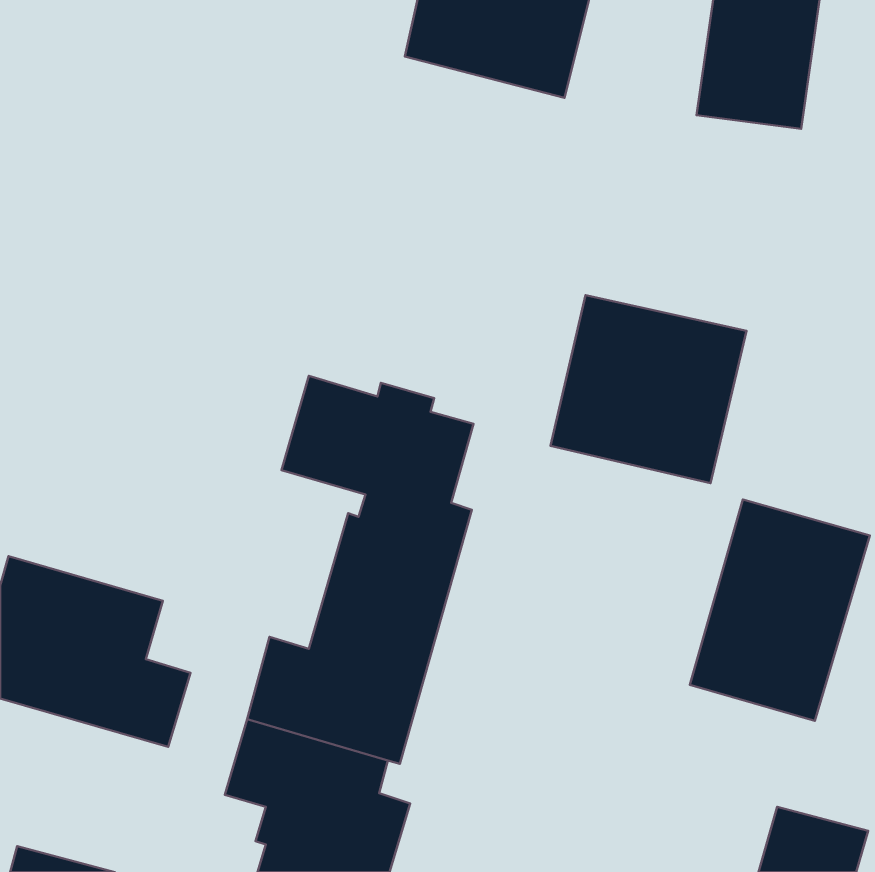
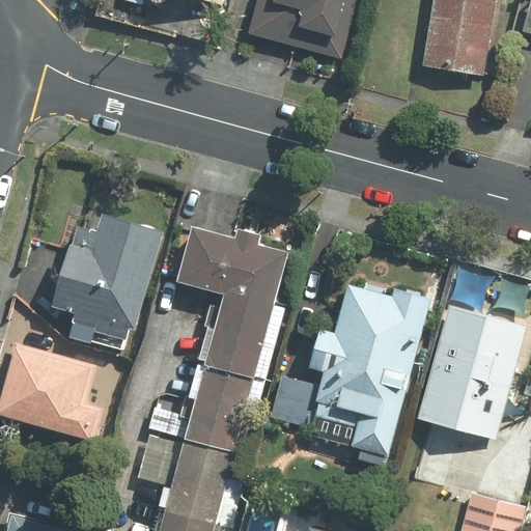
building: [550,295,746,483] -> none
building: none -> [40,211,163,356]
building: none -> [269,280,429,468]

